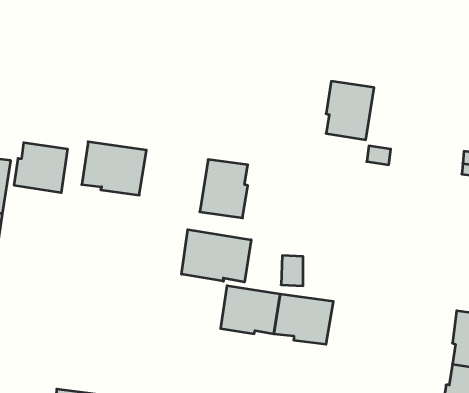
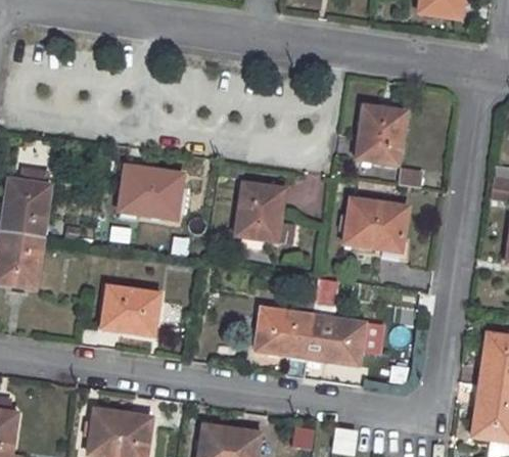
building: [14,143,67,193] -> none
building: none -> [344,197,407,247]
building: [182,230,251,282] -> none
building: none -> [101,284,160,333]

